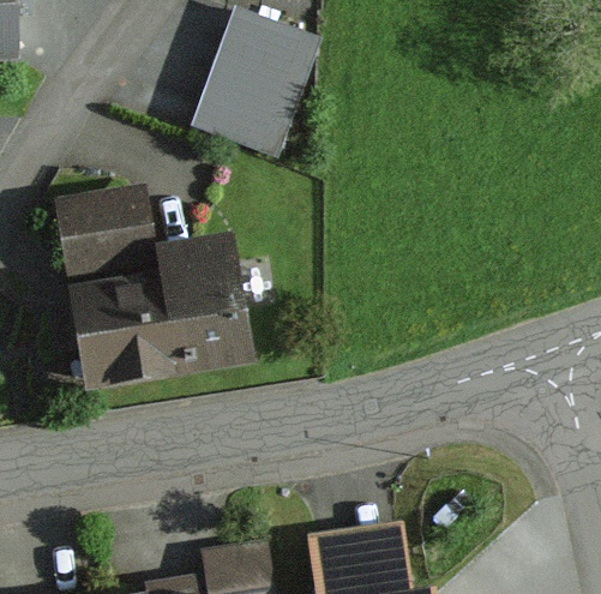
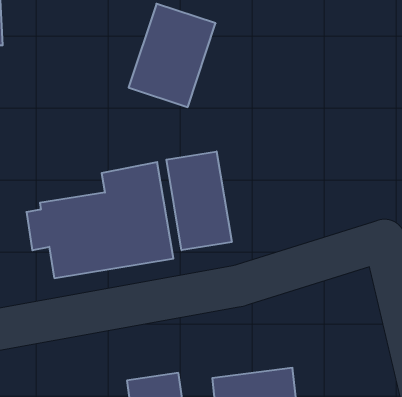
building: [52,185,158,289] -> none
building: none -> [166,151,232,250]

